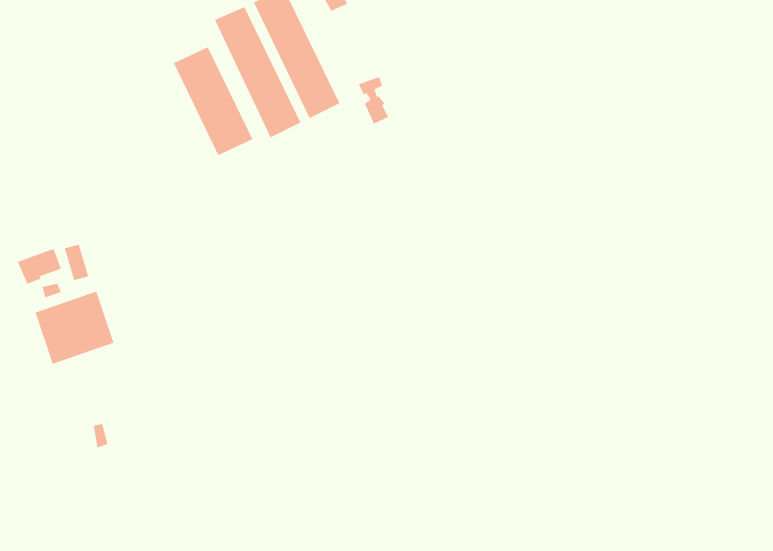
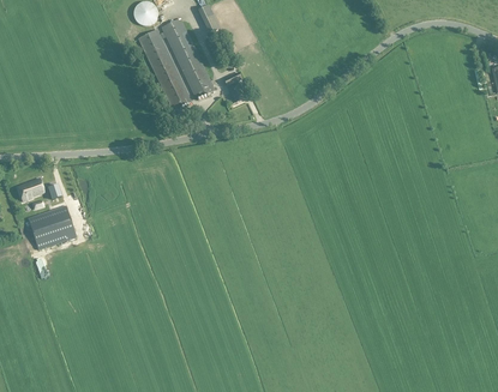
building: [173,46,253,156] -> none

